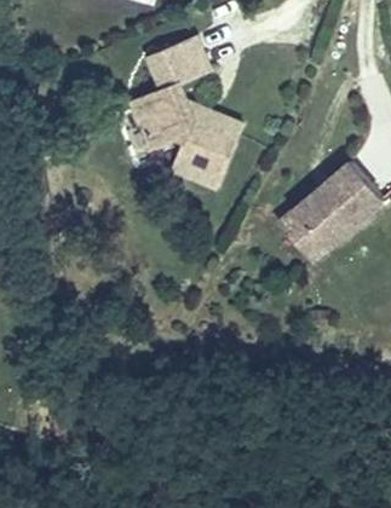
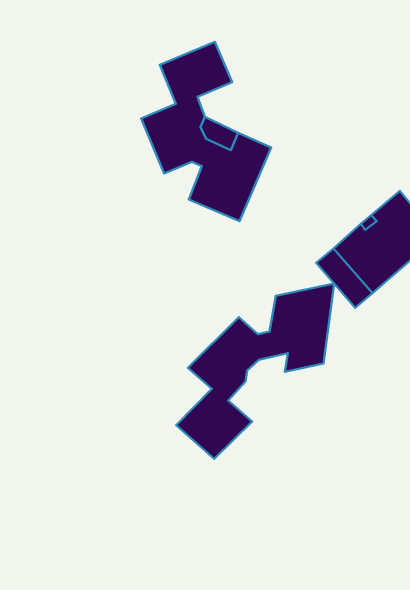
building: none -> [176,284,334,459]

